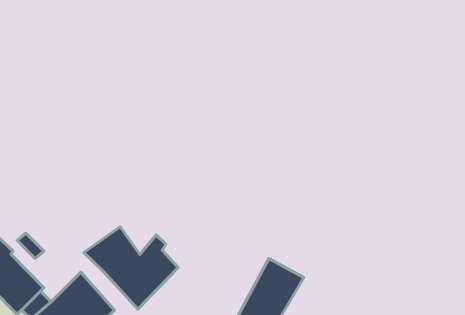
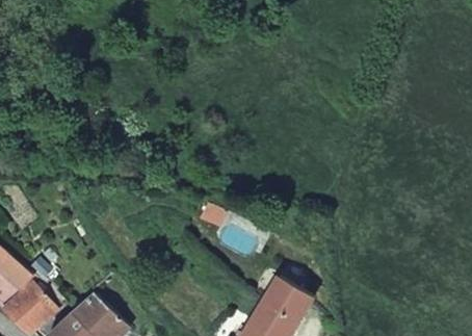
building: [84,227,178,309] -> none

